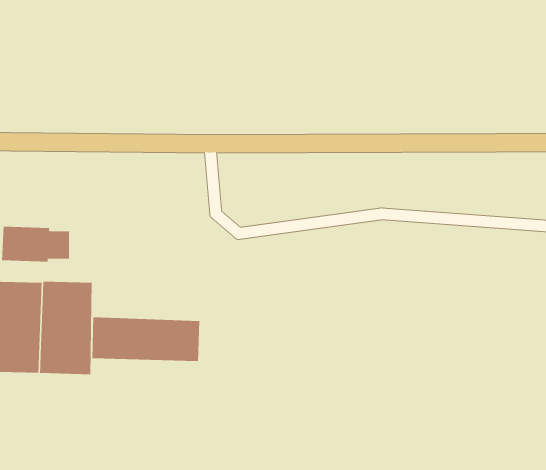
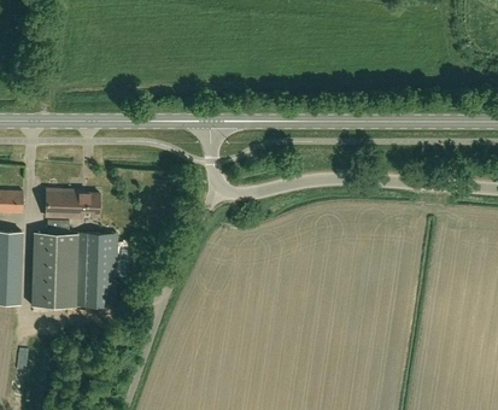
building: [91,316,200,362] -> none

